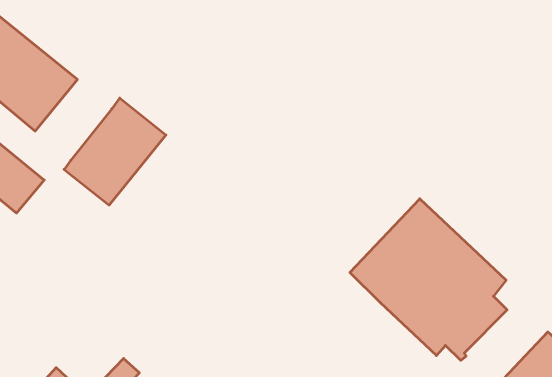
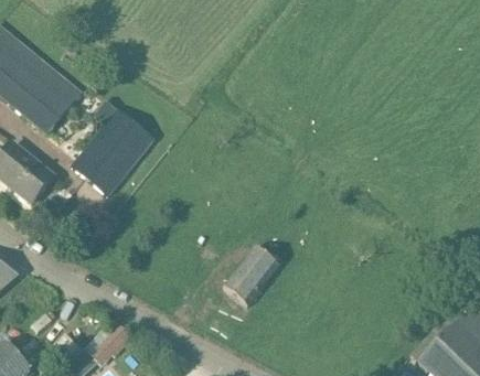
building: [350,199,507,360] -> none
building: none -> [223,247,278,305]

